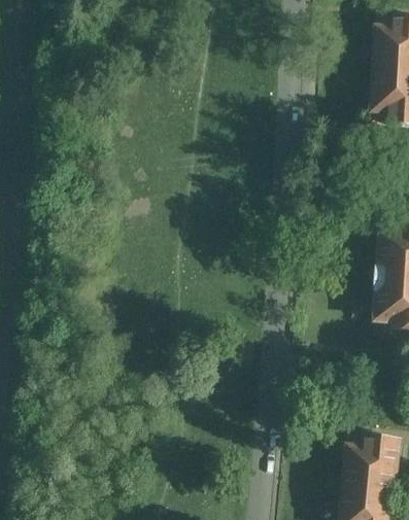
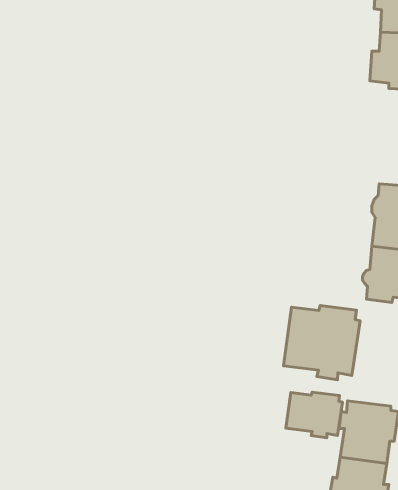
building: none -> [284,305,360,380]
building: none -> [286,392,343,438]

